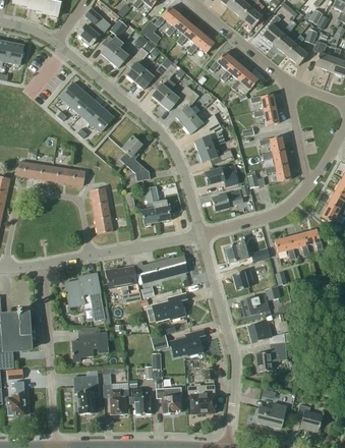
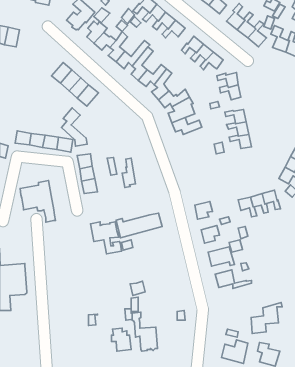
building: [120,136,150,180] -> [61,108,87,146]
building: [205,166,238,186] -> none
building: [145,185,170,222] -> none
building: [212,189,243,211] -> none
building: [64,273,105,321] -> [20,181,55,222]
building: [147,292,186,322] -> none
building: [71,327,108,360] -> none
building: [169,329,205,358] -> none
building: [255,336,291,372] -> [251,302,282,333]
building: [73,375,101,414] -> none
building: [7,381,25,414] -> none
building: [187,383,216,413] -> none
building: [109,388,128,413] -> none

